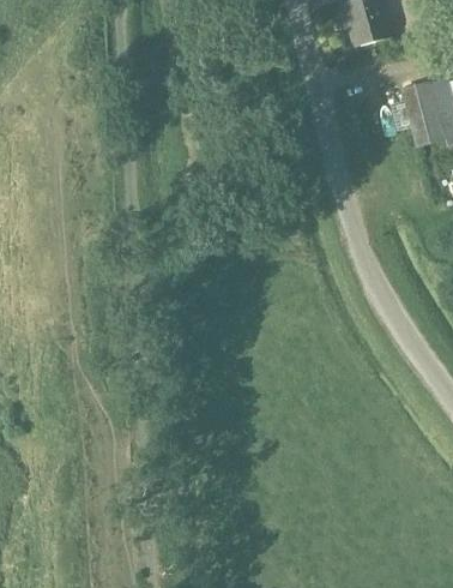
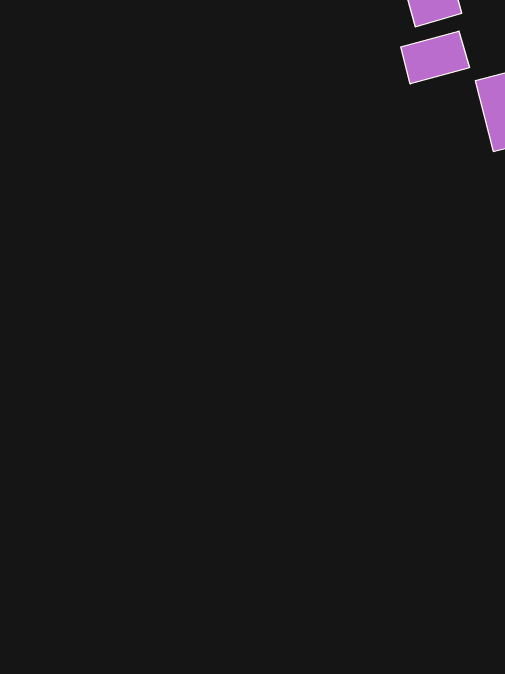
building: none -> [401,31,469,84]

